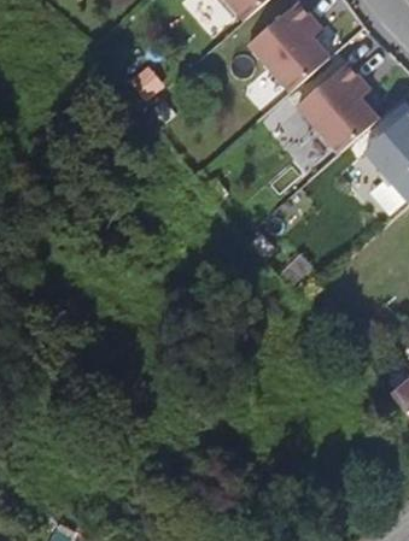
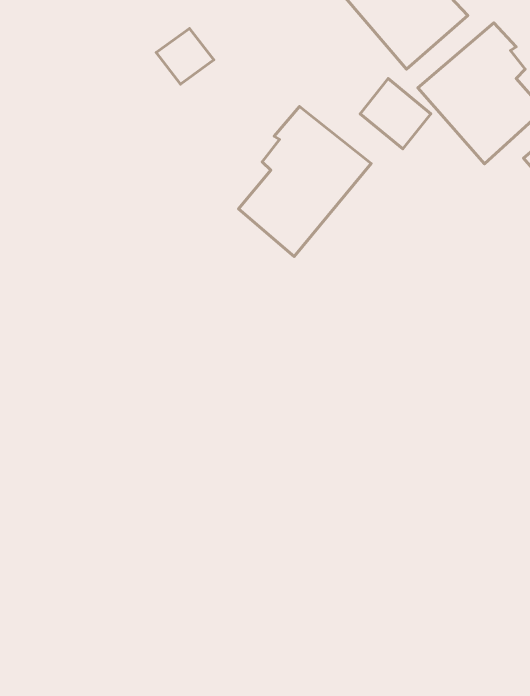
building: none -> [239,107,371,257]

